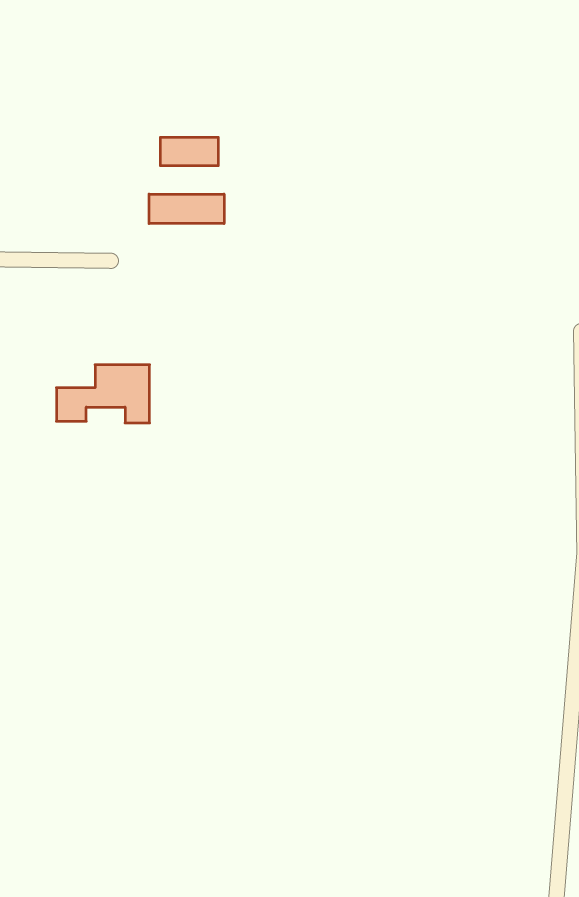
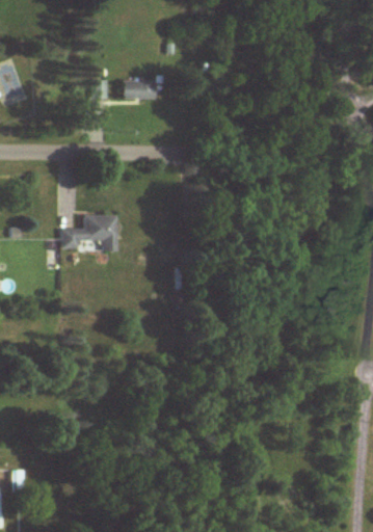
building: [149,194,224,224] -> none

